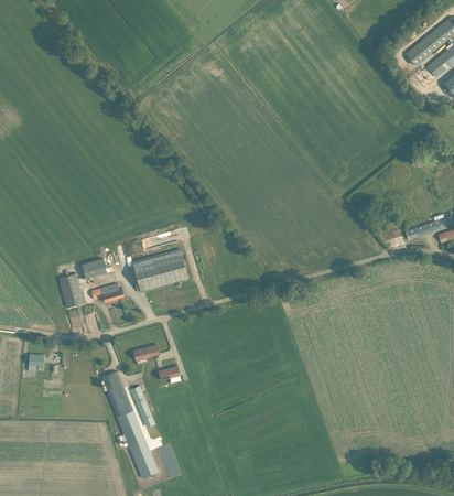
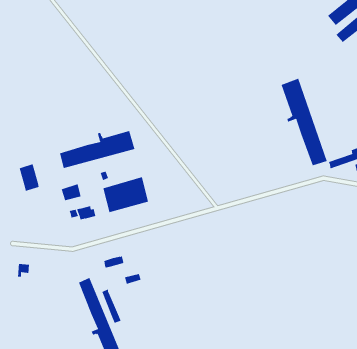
building: none -> [281,78,328,166]
building: none -> [59,130,135,169]
building: [57,272,83,306] -> [19,164,40,192]

